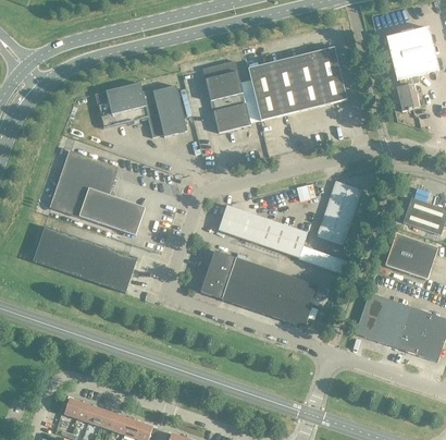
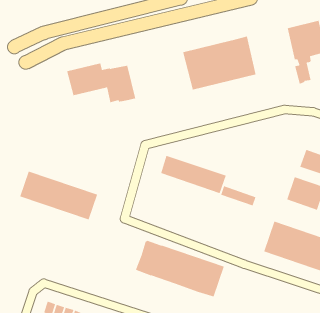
building: [202,60,250,132] -> none
building: [51,151,145,235] -> none
building: [317,181,361,244] -> none
building: [200,250,319,327] -> [135,240,225,297]

